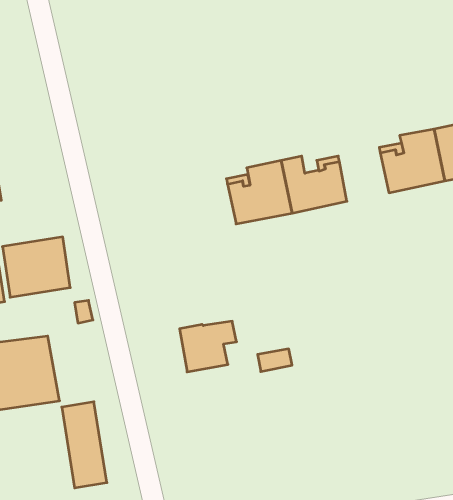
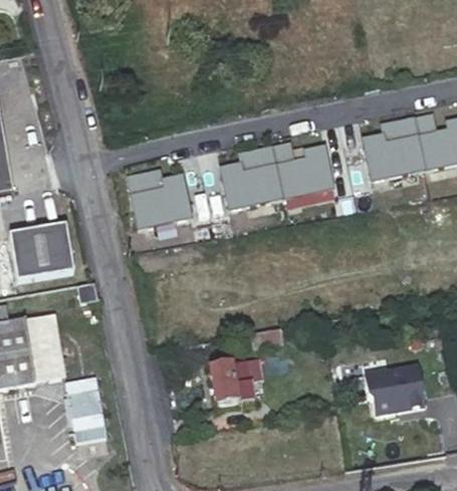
building: none -> [128,174,190,229]
building: [180,321,237,372] -> [208,355,261,403]
building: none -> [364,362,424,412]

